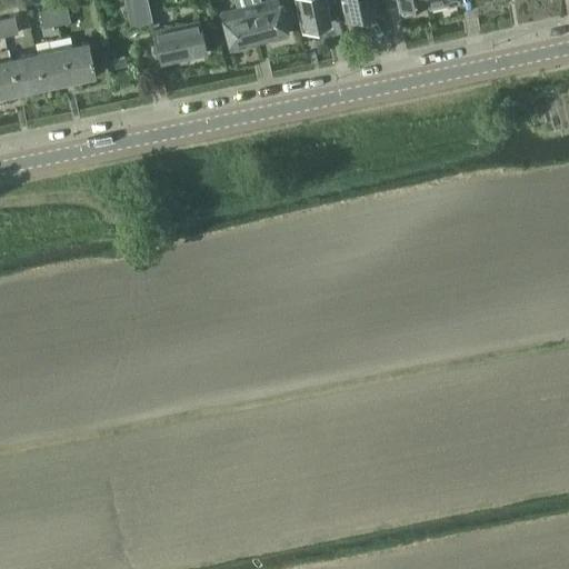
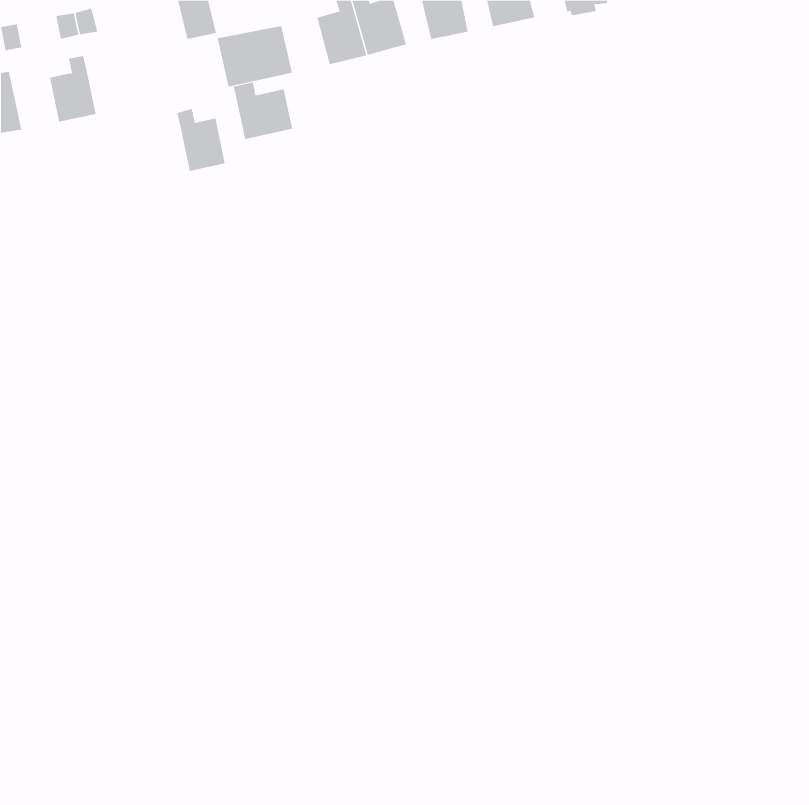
building: [59,39,93,83] -> [177,108,226,172]
building: [7,51,41,94] -> none
building: none -> [233,82,293,140]

